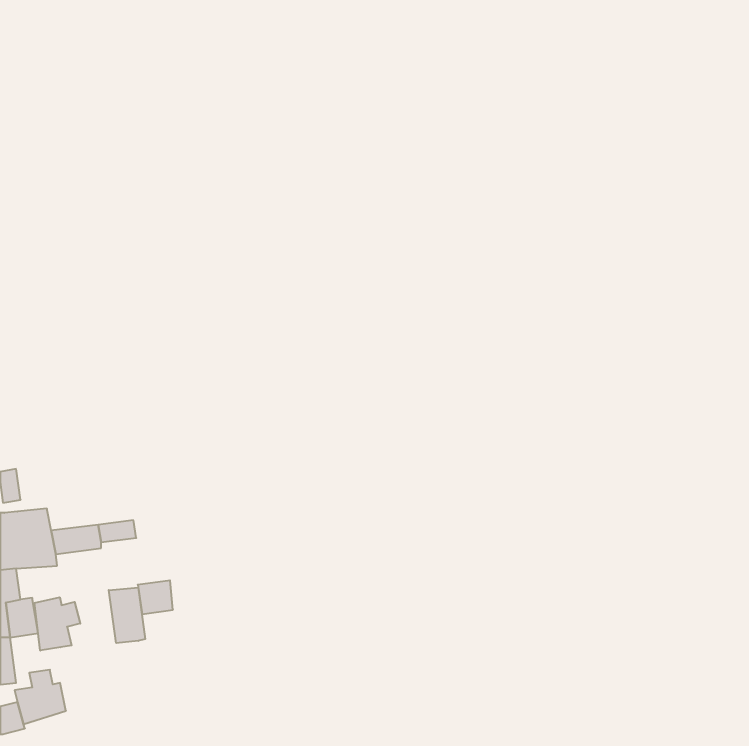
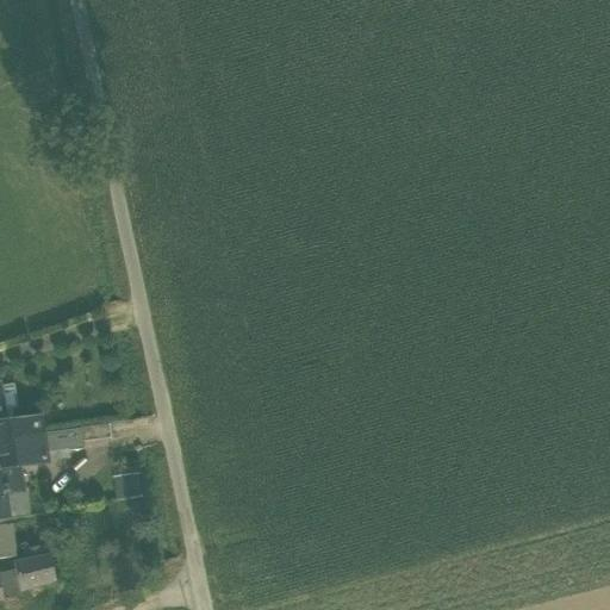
building: [109,588,145,643] -> none
building: [34,597,80,651] -> none

